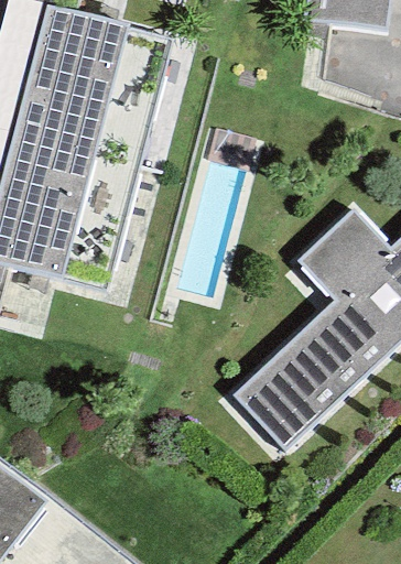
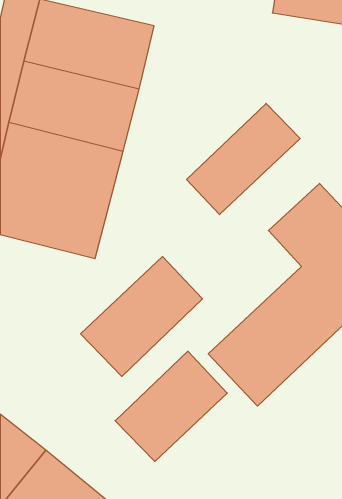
building: none -> [187,103,300,215]
building: none -> [81,257,202,376]
building: none -> [115,351,227,461]

